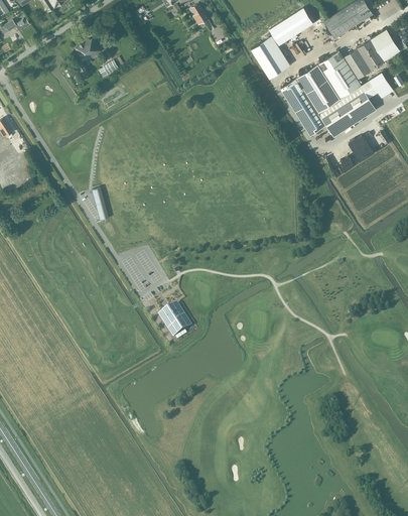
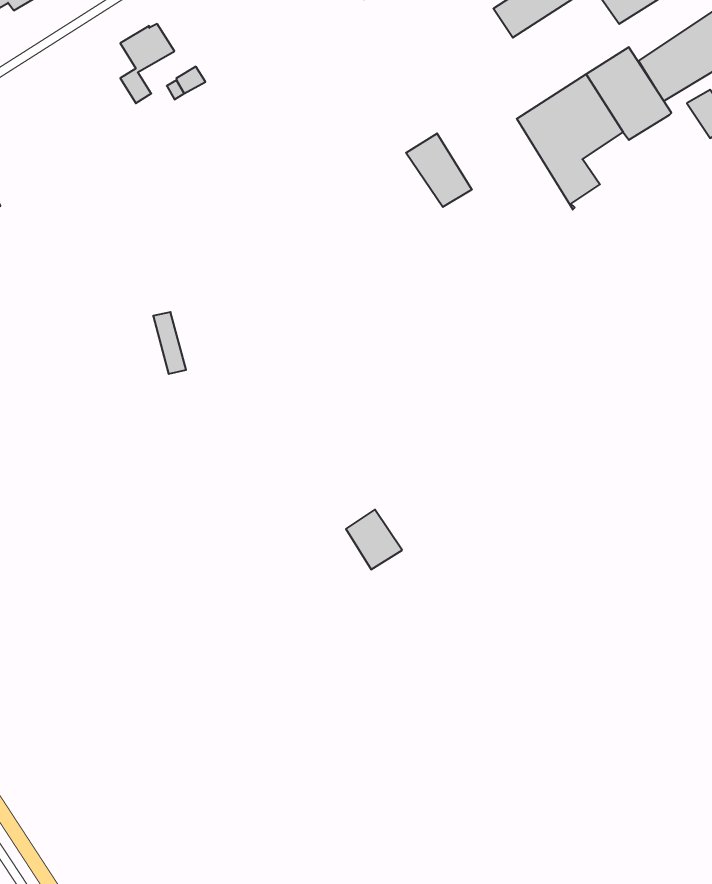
building: [251,39,285,78] -> [406,133,472,207]
building: [315,86,377,137] -> none
building: [160,304,189,336] -> [346,510,402,569]

